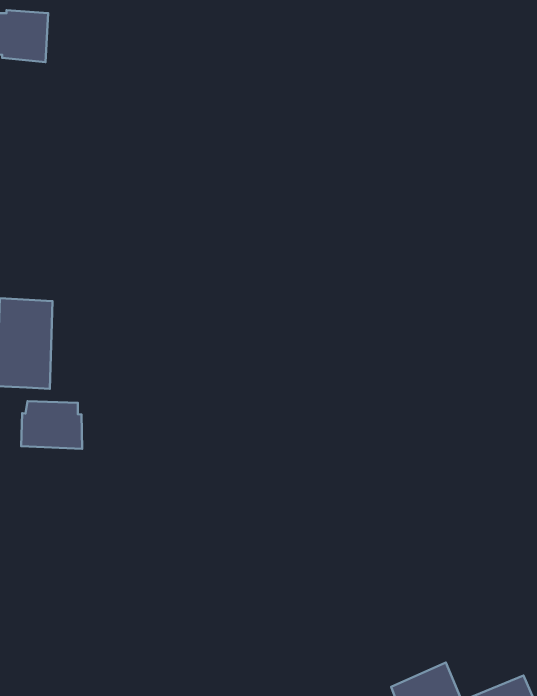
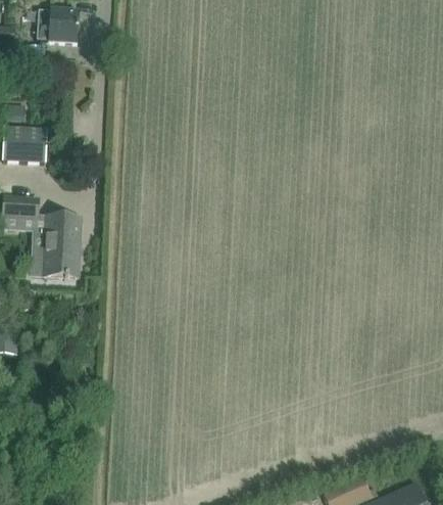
building: [21,401,82,449] -> none

